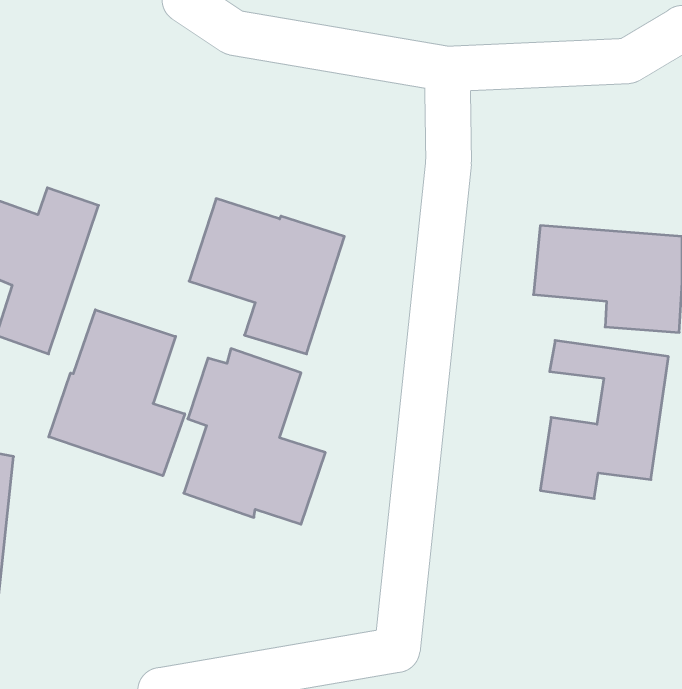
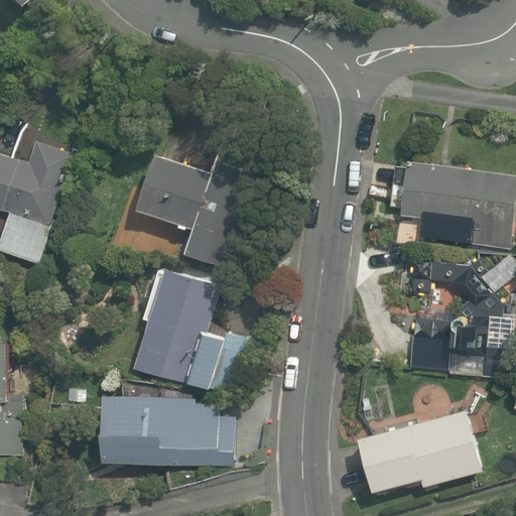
building: [49,310,185,476] -> none
building: none -> [108,393,232,466]
building: none -> [350,409,479,500]

